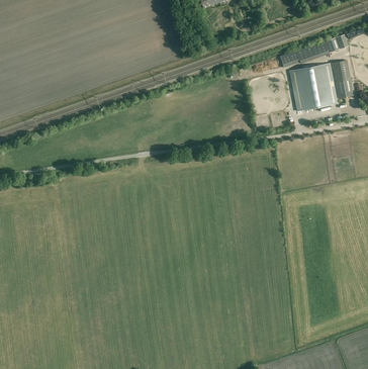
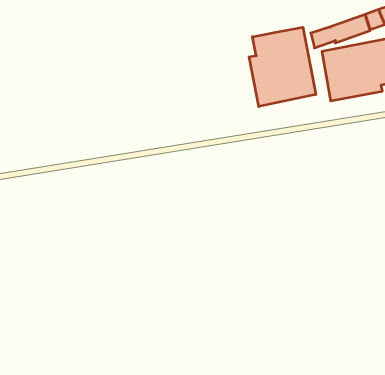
building: none -> [249,27,316,107]

